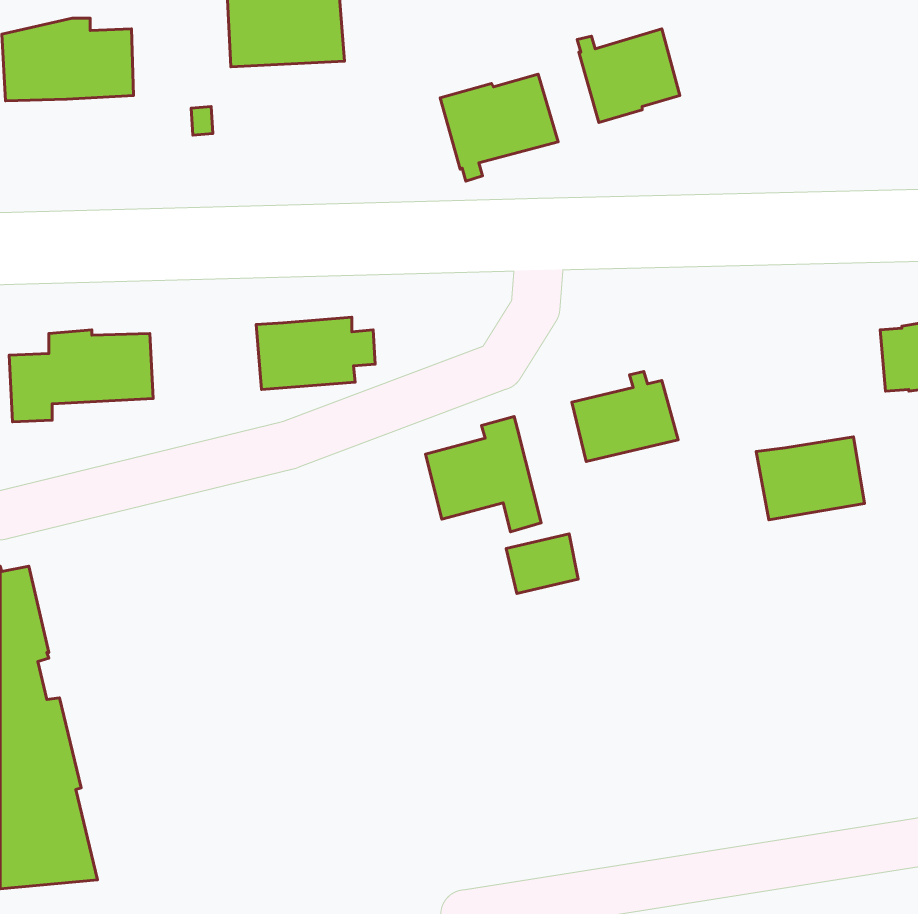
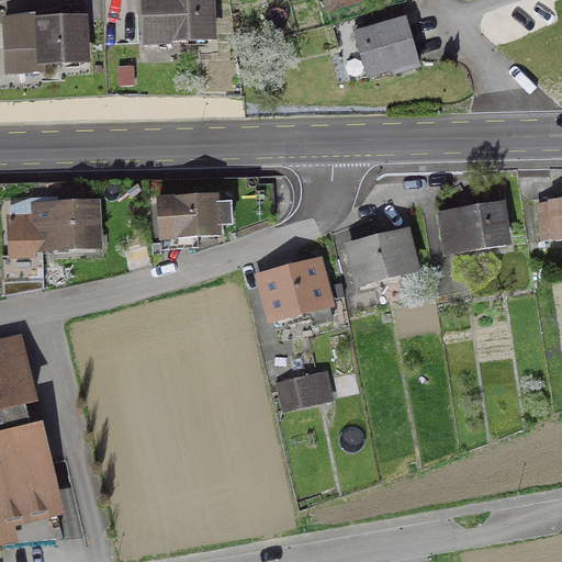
building: [440,74,558,181] -> none
building: [756,437,864,520] -> [440,202,506,252]
building: [506,534,578,593] -> [285,371,329,407]

